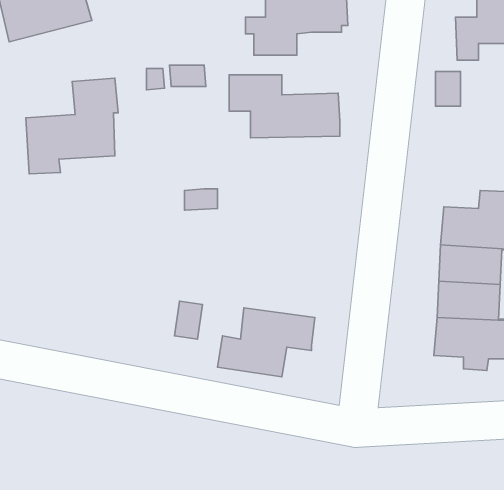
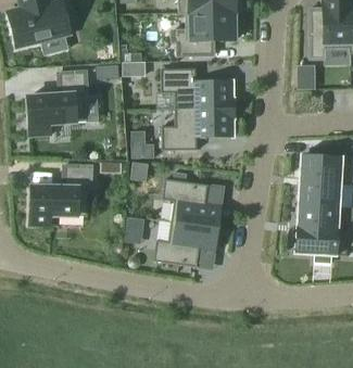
building: none -> [163,107,235,149]
building: none -> [31,164,93,223]
building: none -> [163,178,222,227]

